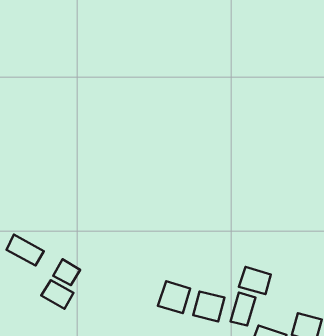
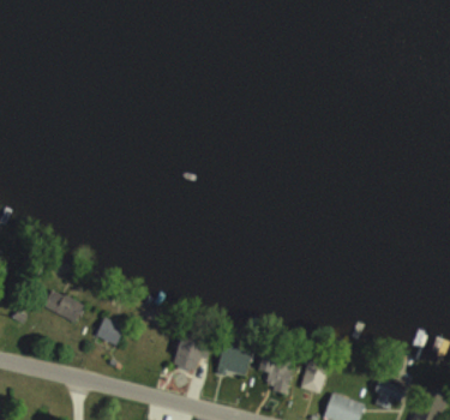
building: [239,267,271,294] -> none
building: none -> [178,338,205,371]
building: [41,280,73,309] -> none

